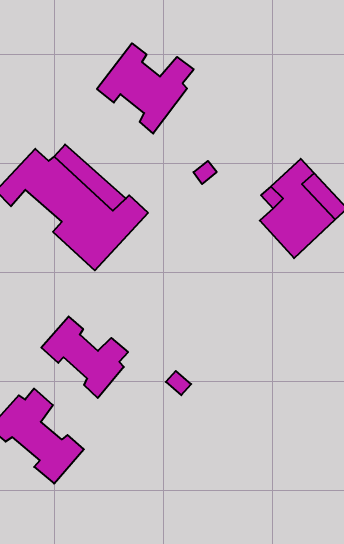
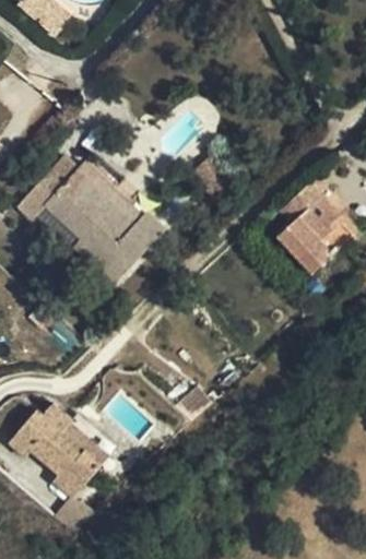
building: [97,43,194,134] -> none
building: [41,316,128,398] -> none

